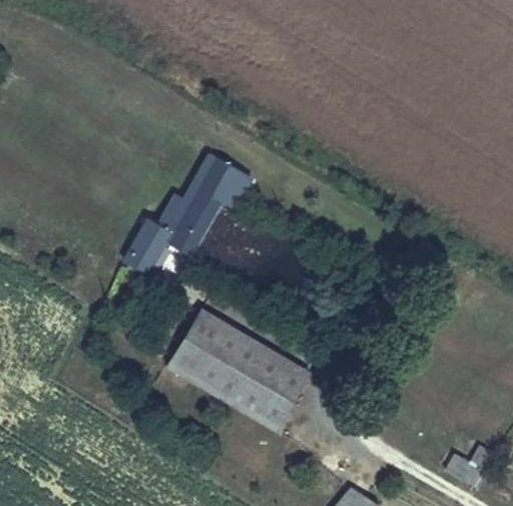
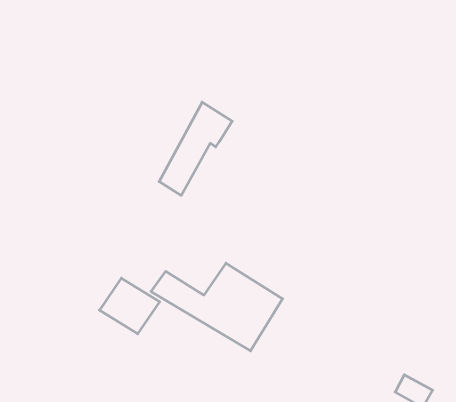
building: [117,152,221,274] -> none
building: [181,308,247,369] -> [99,278,160,334]

